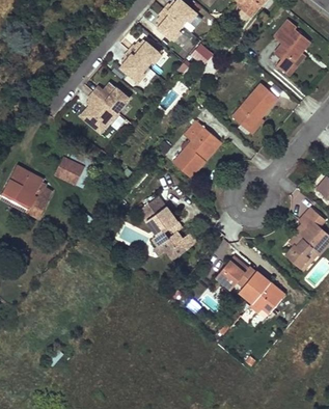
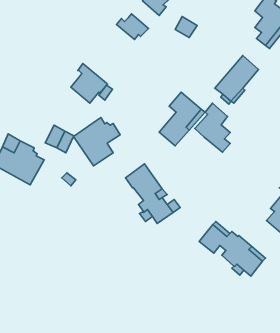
building: [120,50,147,81] -> none
building: [93,84,130,111] -> none
building: none -> [195,103,230,152]
building: none -> [74,117,120,166]

